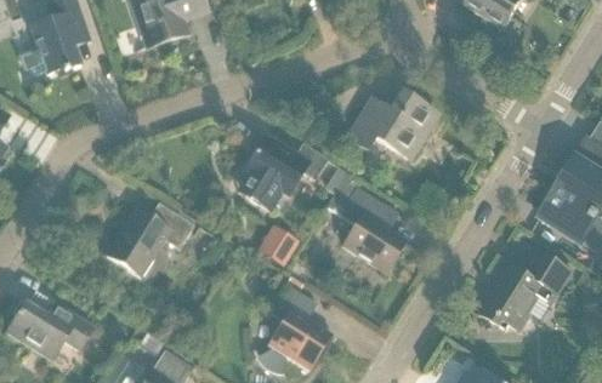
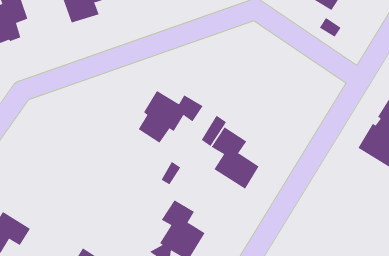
building: [347,91,437,158] -> none
building: [106,206,194,274] -> none
building: [476,255,572,331] -> none

